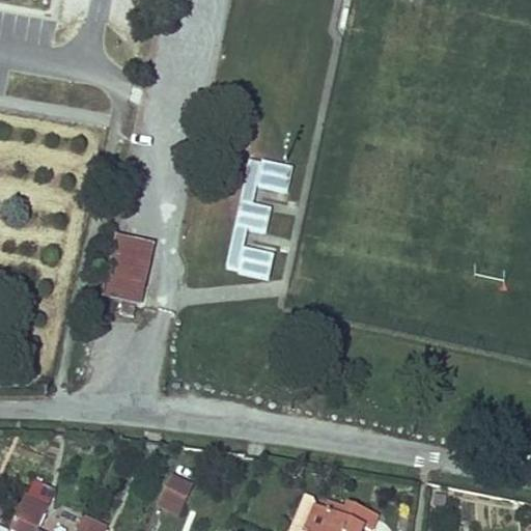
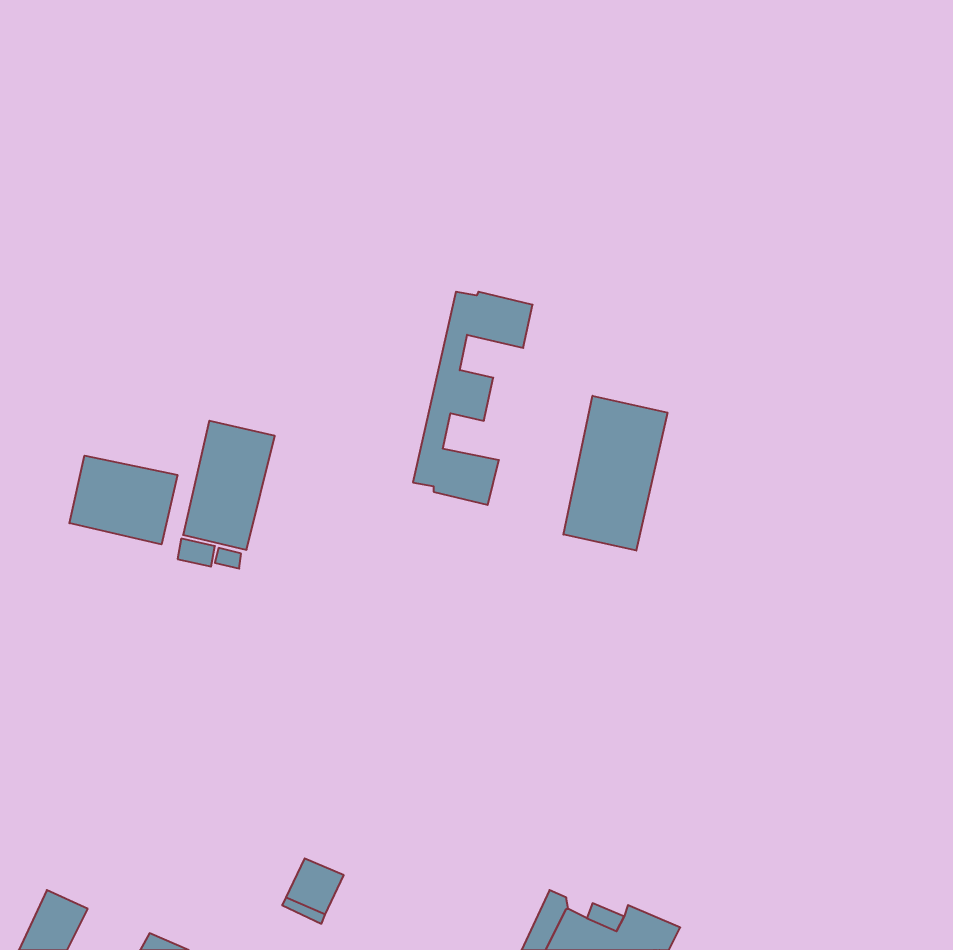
building: none -> [563,396,667,551]
building: none -> [69,456,177,544]

